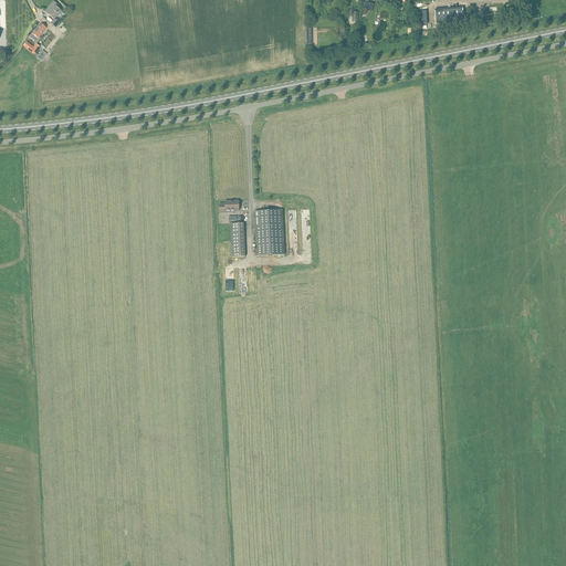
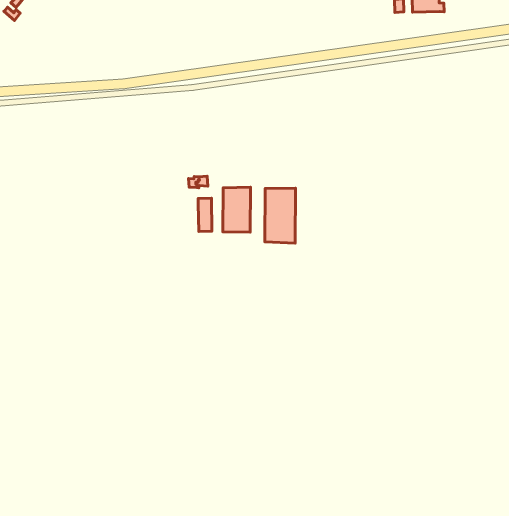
building: none -> [265,188,296,243]

